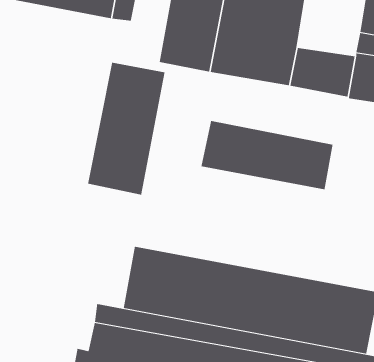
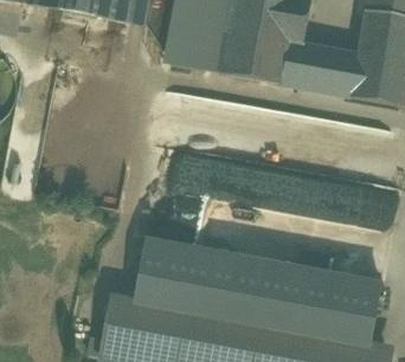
building: [88,62,165,196] -> none
building: [201,120,333,190] -> none

